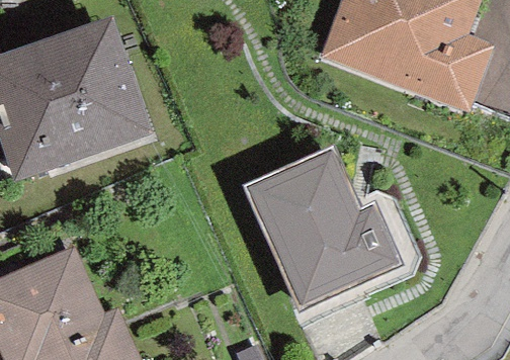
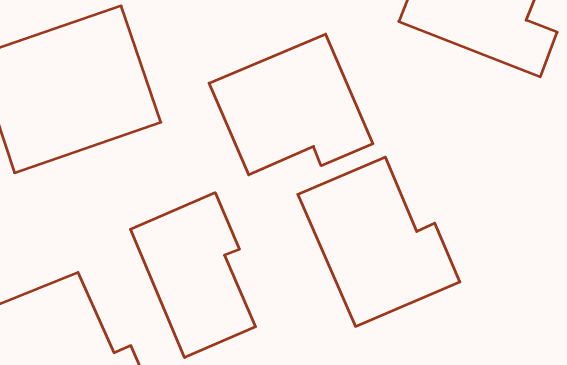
building: none -> [209,34,373,175]
building: none -> [130,193,256,358]

